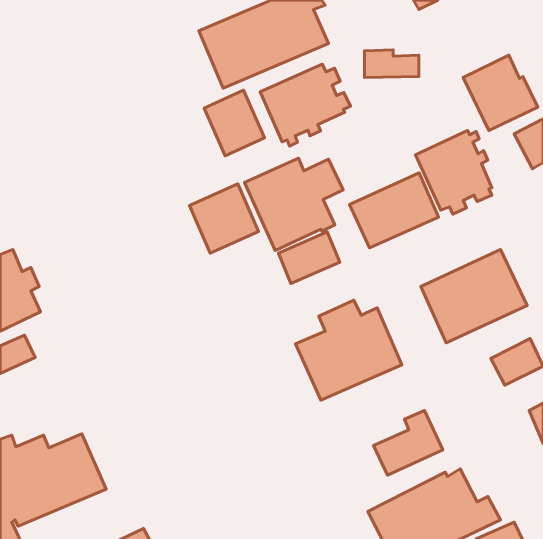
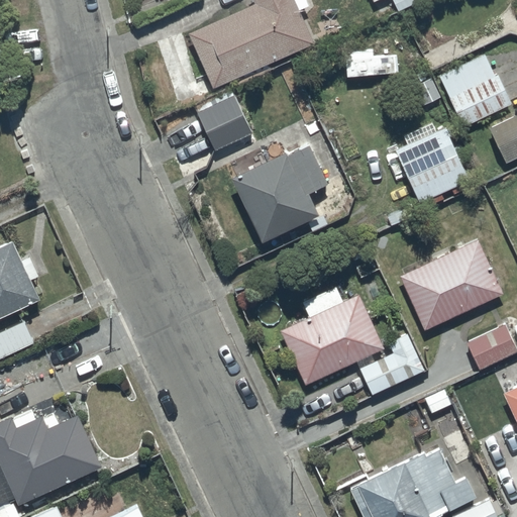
building: [260,64,350,146] -> none
building: [349,173,439,248] -> none
building: [189,184,259,253] -> none
building: [278,232,340,283] -> none
building: [374,411,443,475] -> [359,335,425,397]

